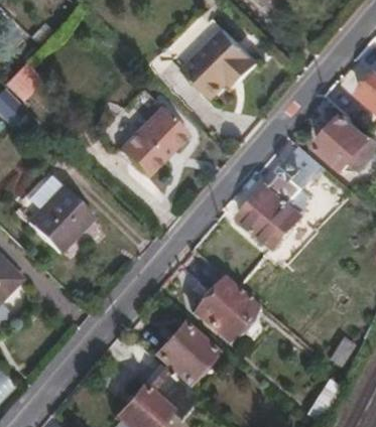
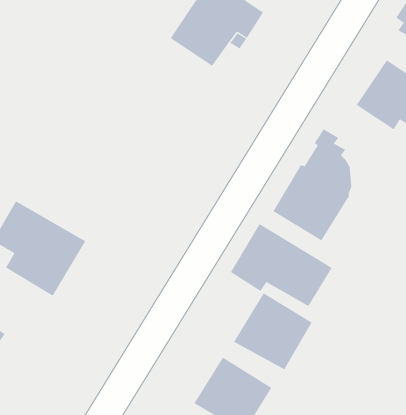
building: [117,107,186,176] -> none
building: none -> [230,223,332,307]

